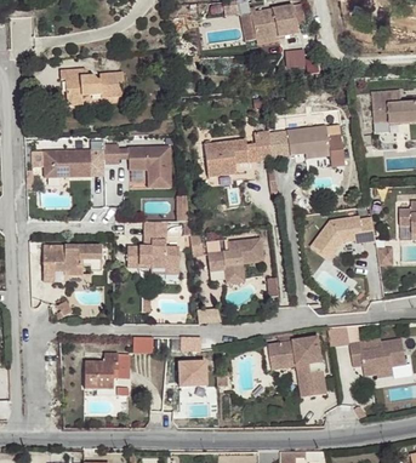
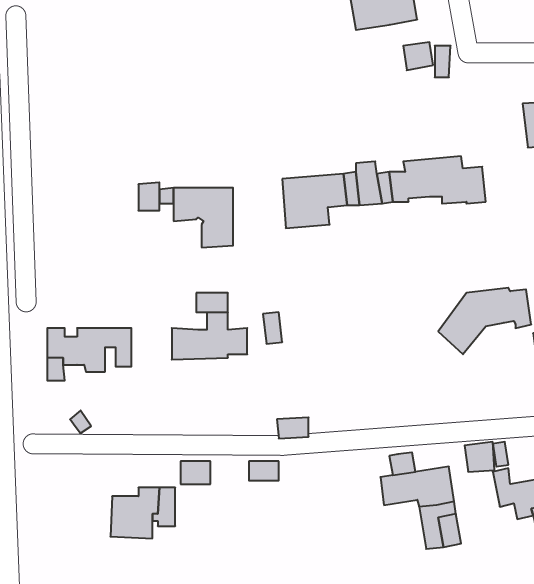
building: [59,69,124,107] -> none
building: [44,150,91,178] -> none
building: [207,239,262,279] -> none
building: [178,361,206,387] -> none

